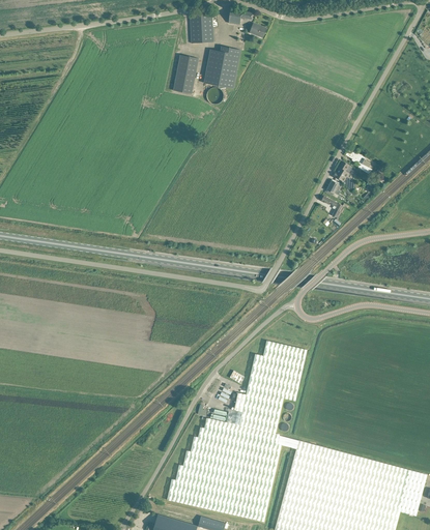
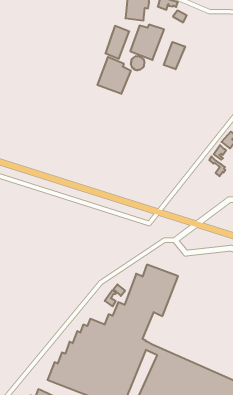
building: none -> [164,42,185,69]
building: none -> [97,57,131,94]

